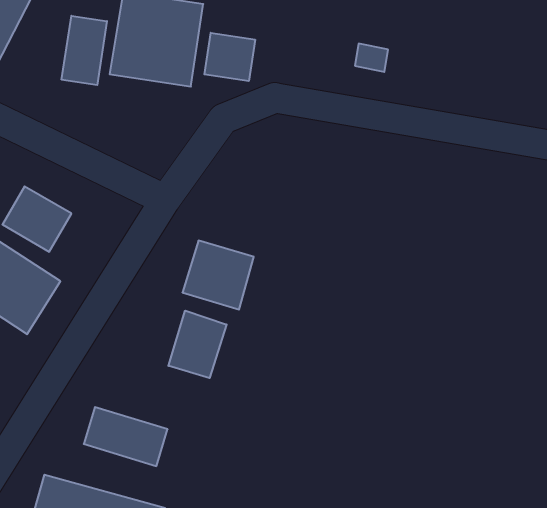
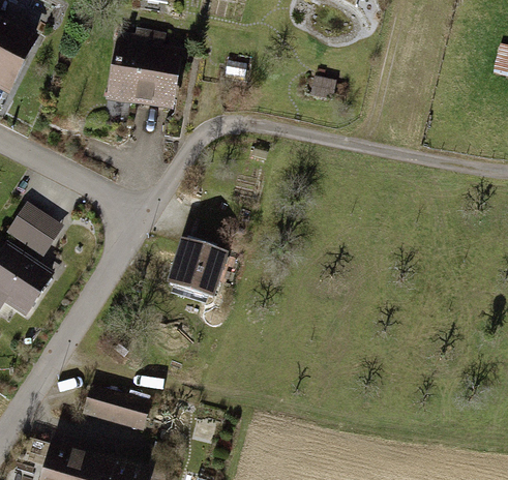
building: [62,16,107,85] -> none
building: [204,33,255,81] -> none
building: [168,311,227,378] -> none

